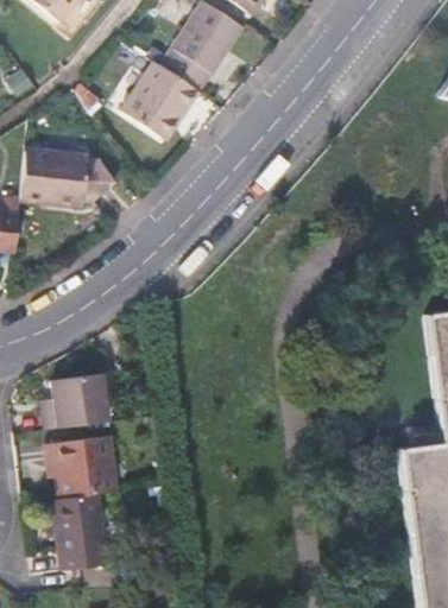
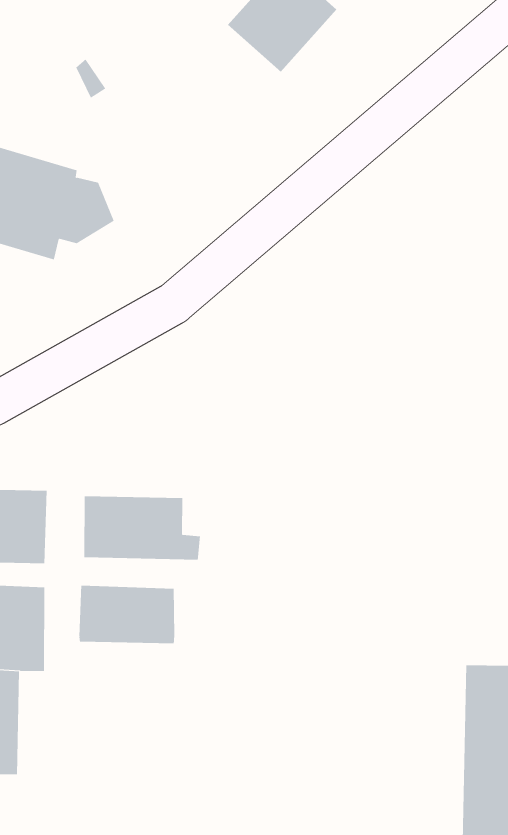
building: [119,59,200,137] -> none
building: none -> [84,495,200,560]
building: none -> [79,585,175,644]

